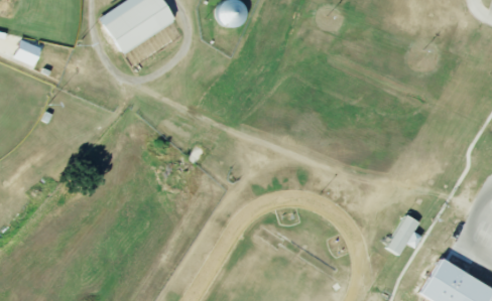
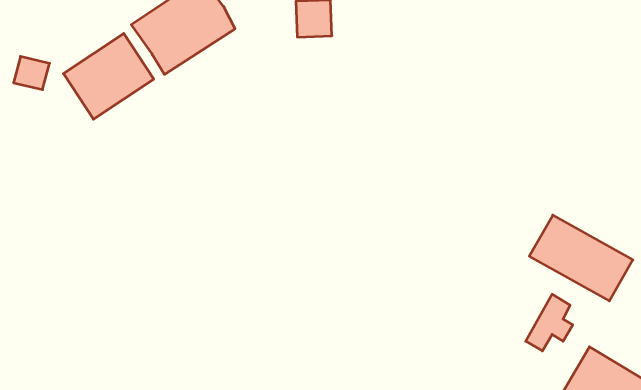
building: none -> [63,33,154,119]
building: none -> [529,215,633,301]

